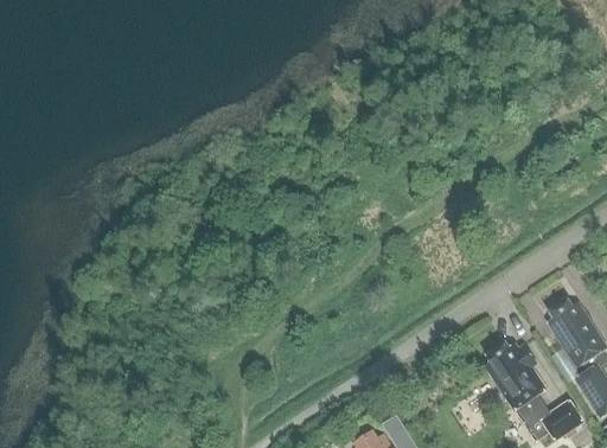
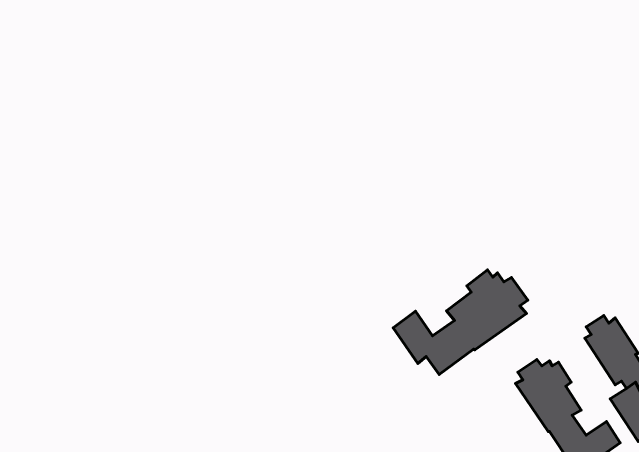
building: none -> [393,270,528,375]

